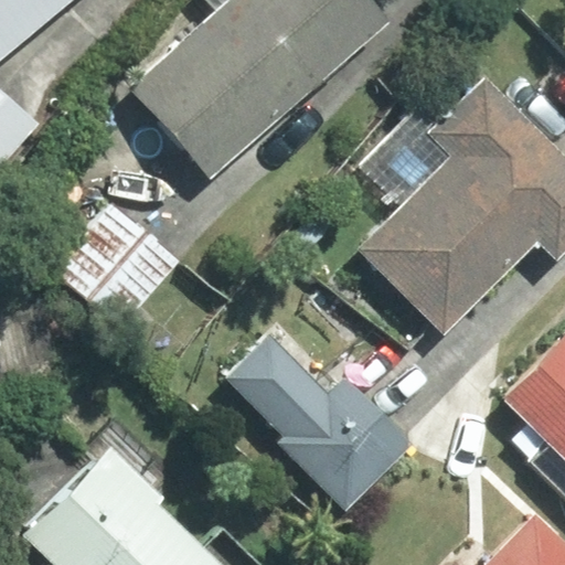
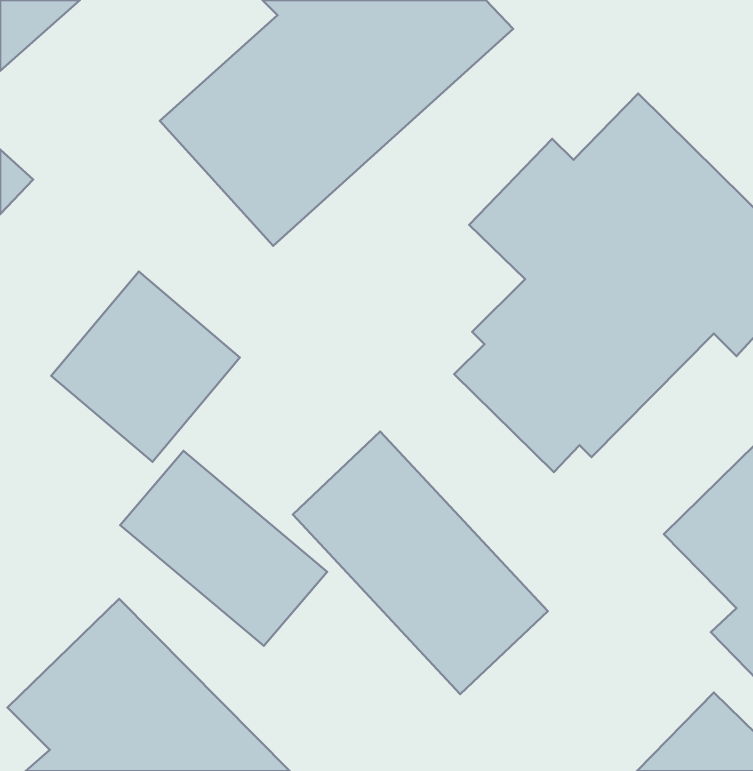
building: none -> [120,451,327,646]

